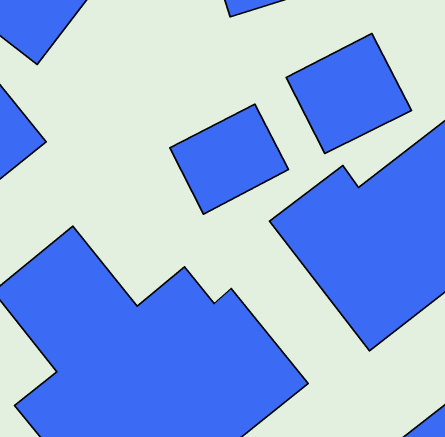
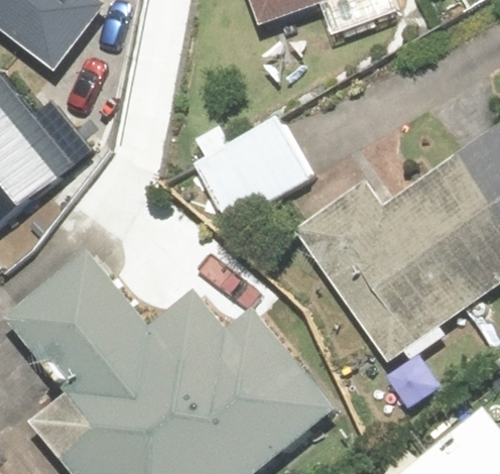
building: [286,34,411,154] -> none

